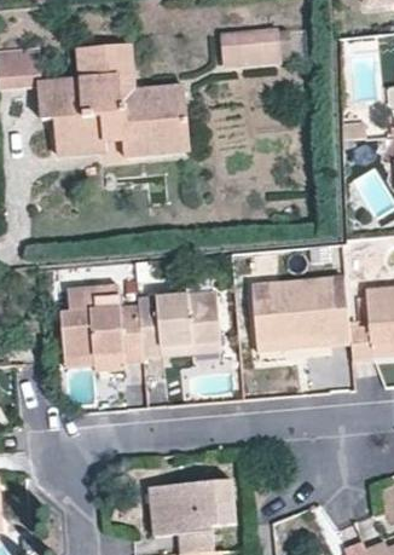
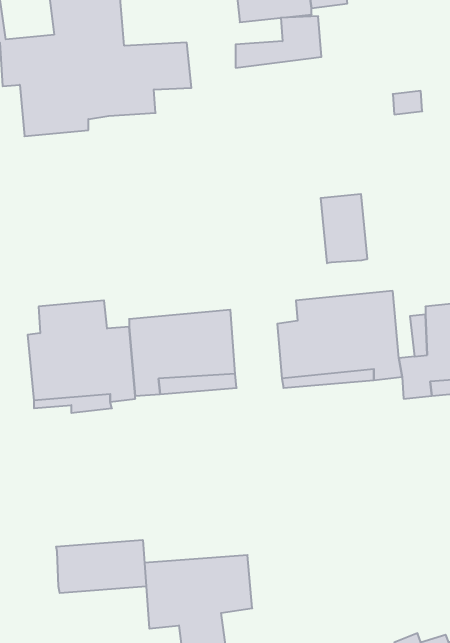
building: [122,118,189,158] -> [236,16,321,68]
building: none -> [321,194,367,263]
building: none -> [56,540,146,593]

